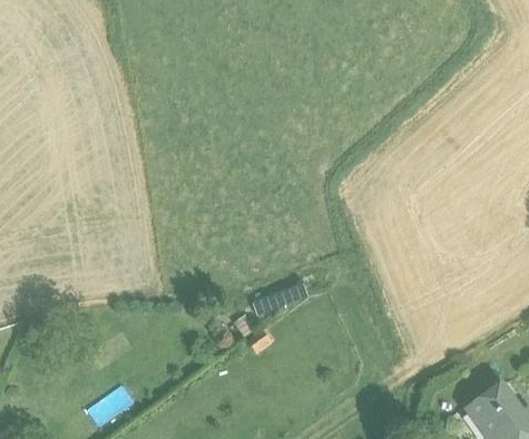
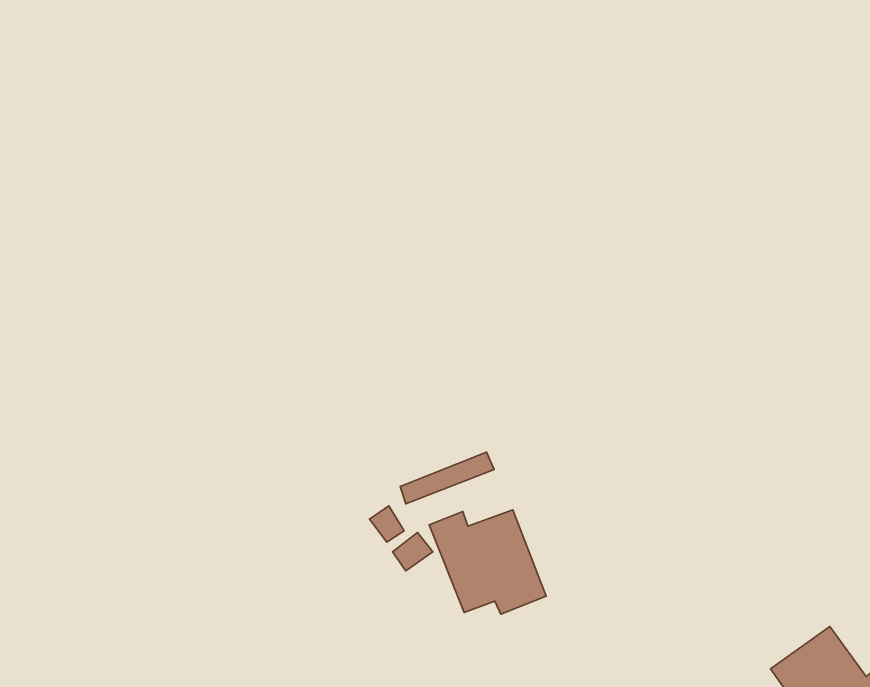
building: none -> [429,510,546,614]

